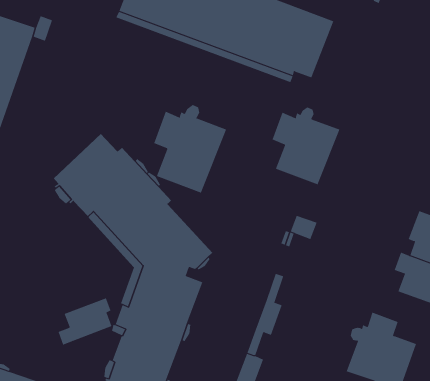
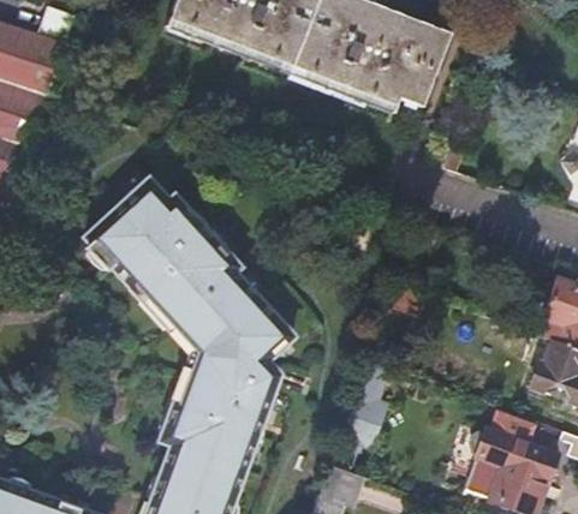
building: [154,104,227,194] -> none
building: [272,107,340,185] -> none
building: [58,297,112,346] -> none

